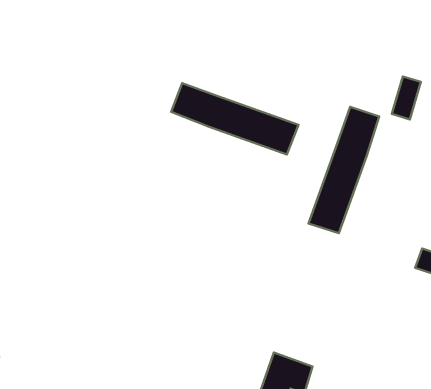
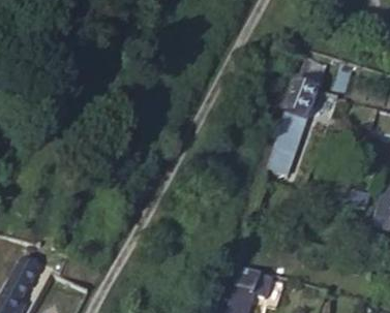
building: [171,83,299,155] -> none

